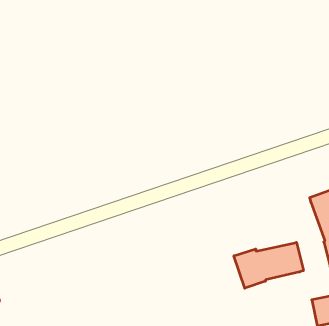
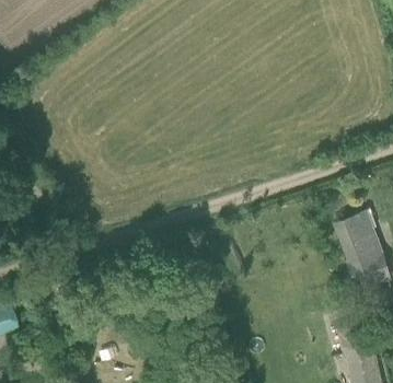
building: [234,242,303,288] -> none

